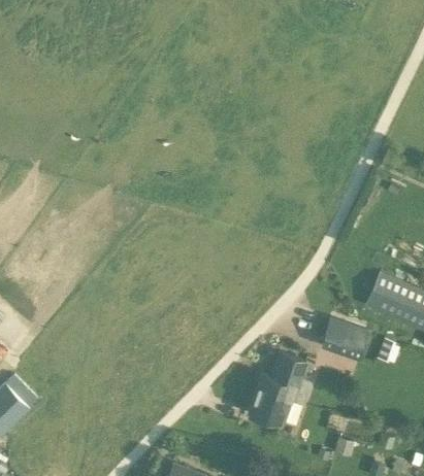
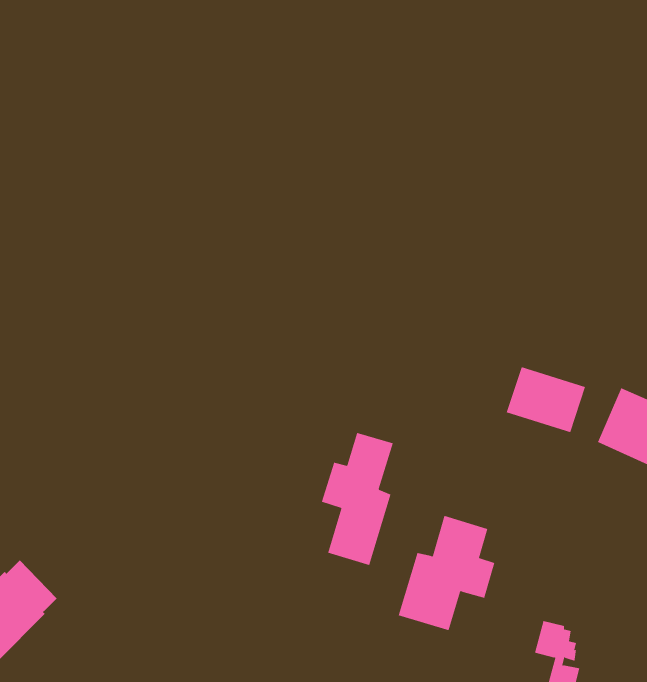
building: none -> [321,432,393,566]
building: [324,319,372,360] -> [506,367,586,433]

